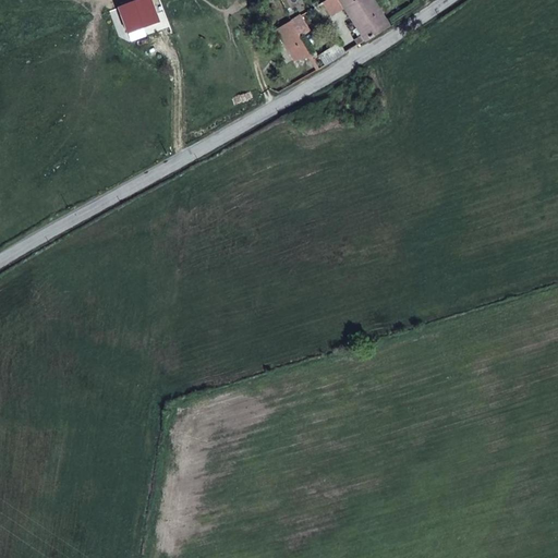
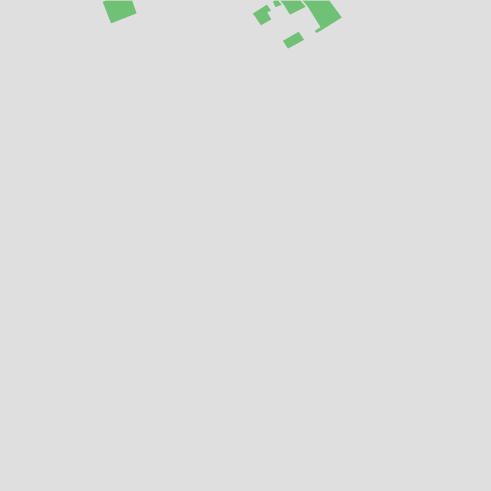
building: [274,20,311,58] -> none

